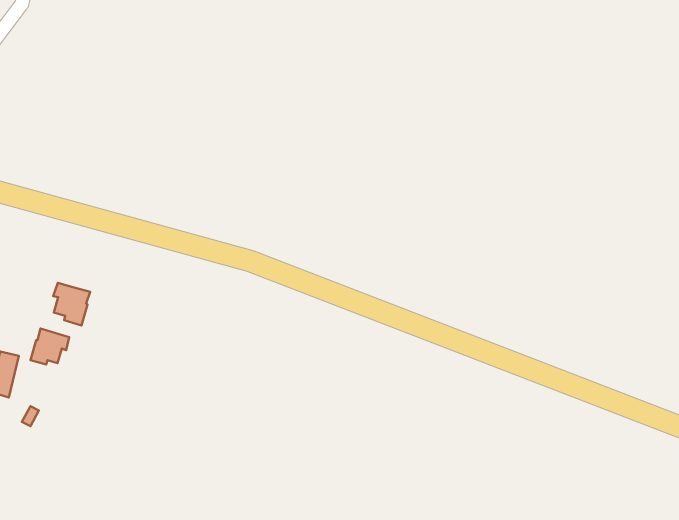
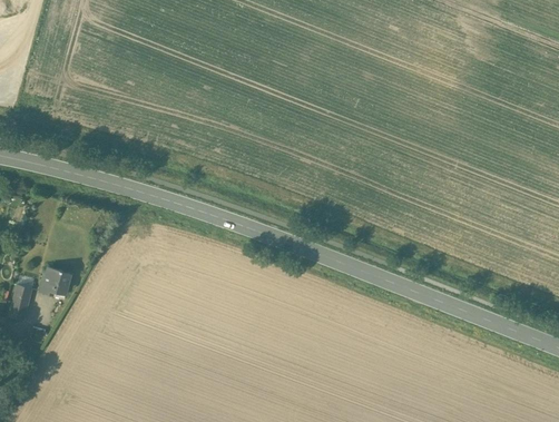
building: [53,283,90,326] -> none

